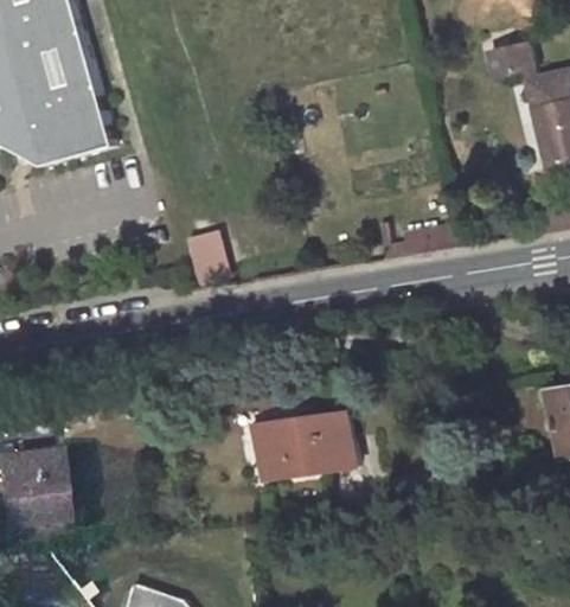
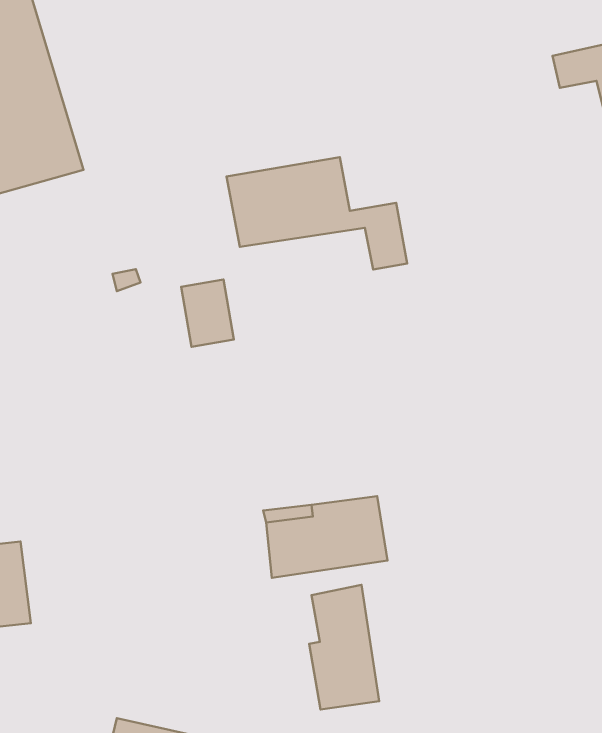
building: none -> [227,157,407,269]
building: none -> [309,585,379,710]

